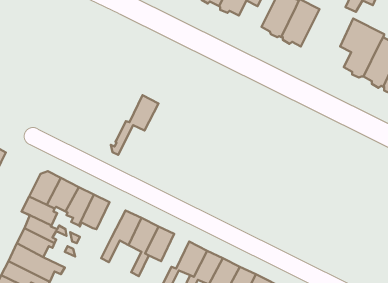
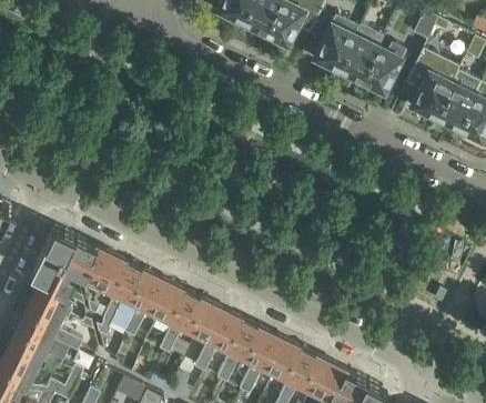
building: none -> [360,38,404,93]
building: [111,95,159,155] -> [95,266,152,337]
building: none -> [194,304,227,345]

